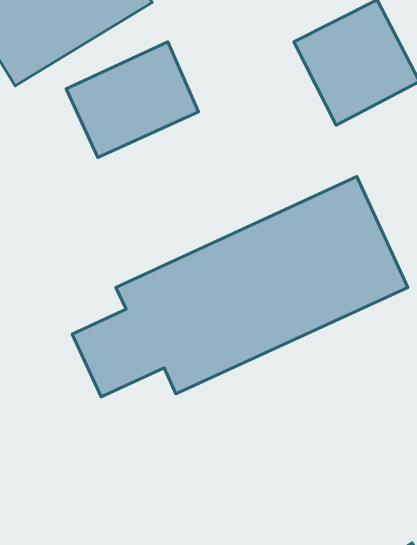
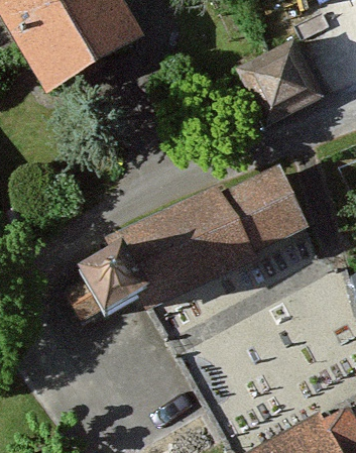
building: [66,42,198,158] -> none

